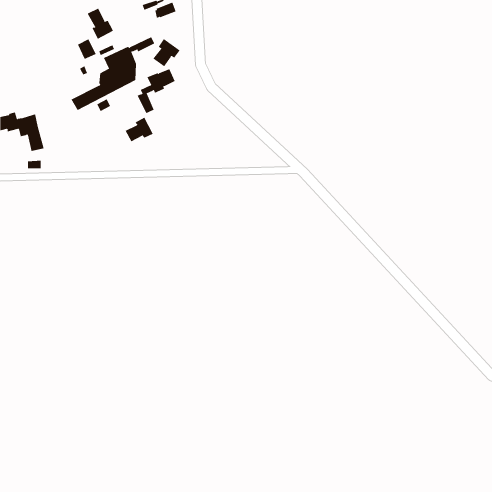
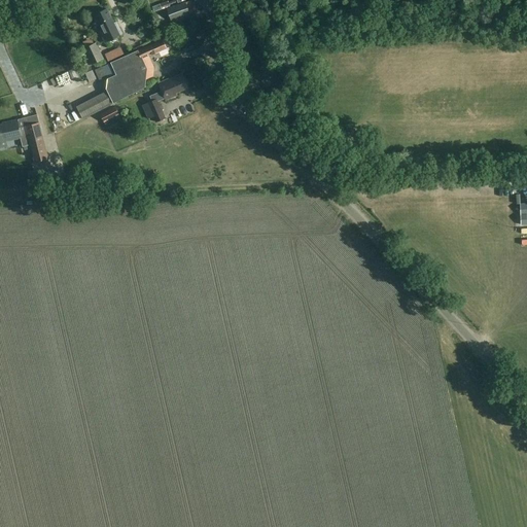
building: [152,38,180,67] -> none
building: [125,117,153,142] -> none

